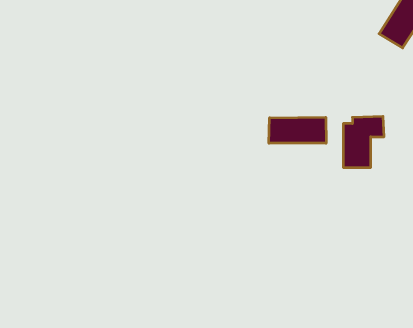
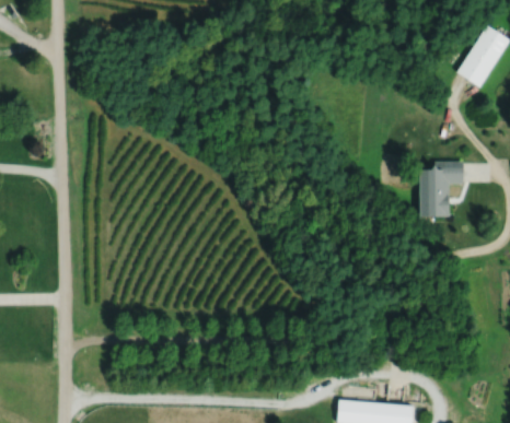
building: [269,117,326,143] -> none

